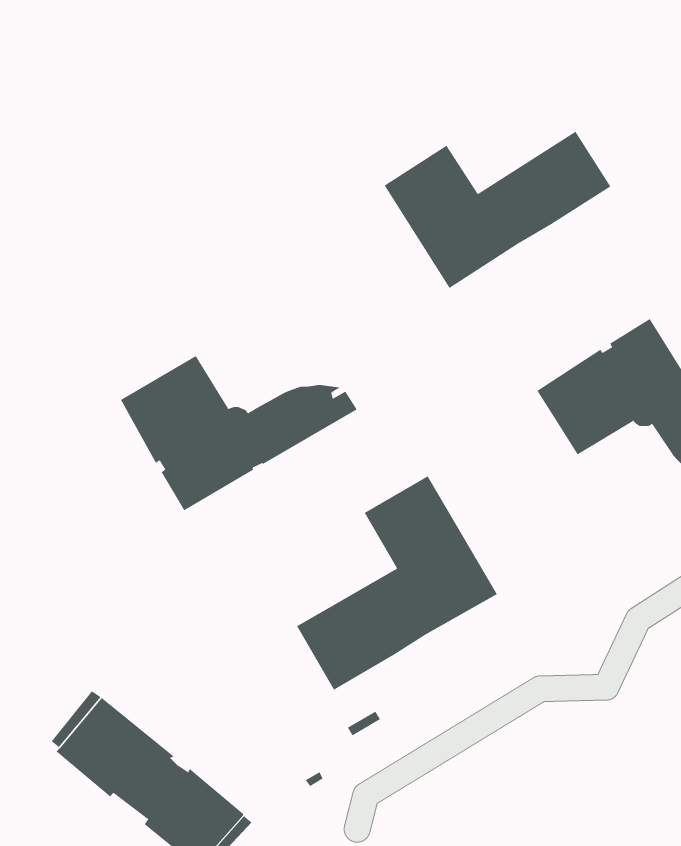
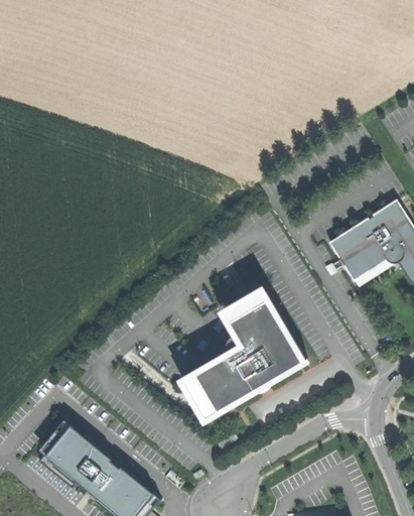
building: [384,131,611,289] -> none
building: [120,355,358,511] -> none

